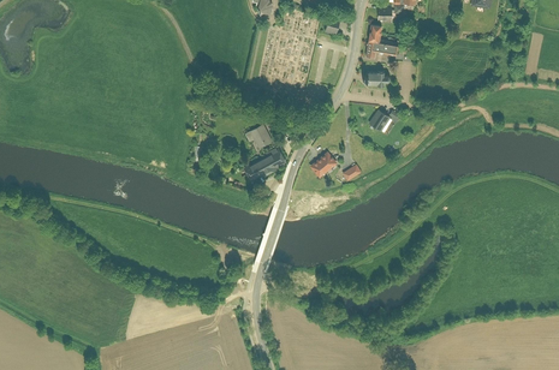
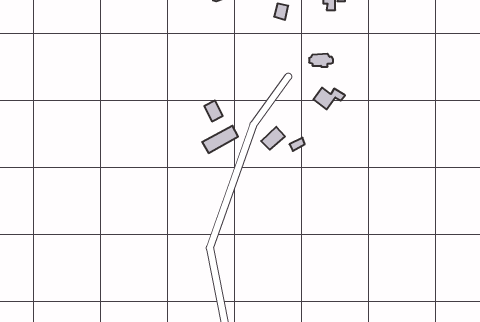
building: [365,25,397,58] -> none

